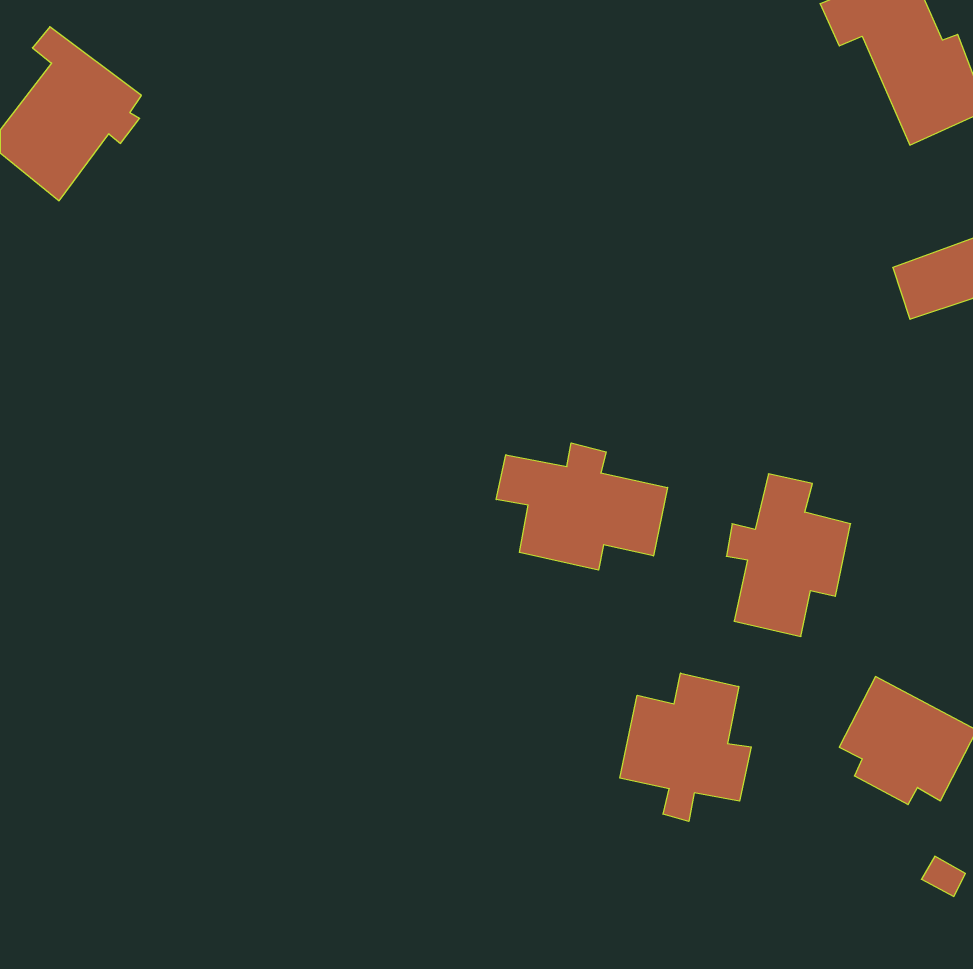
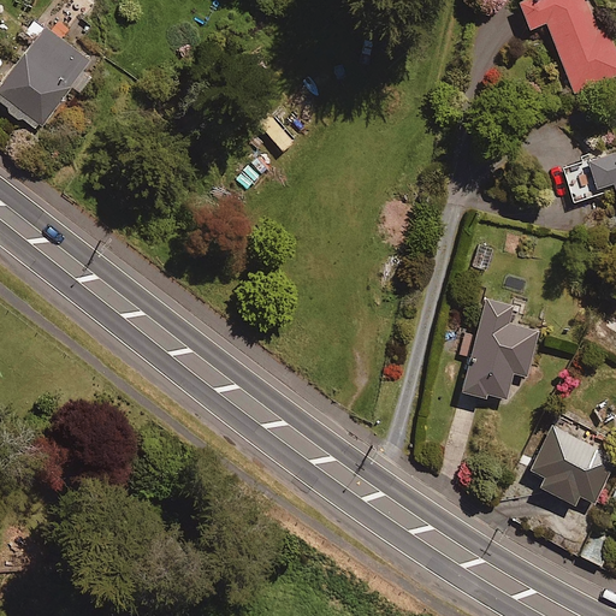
building: [496,443,668,570] -> none
building: [620,673,751,821] -> none

